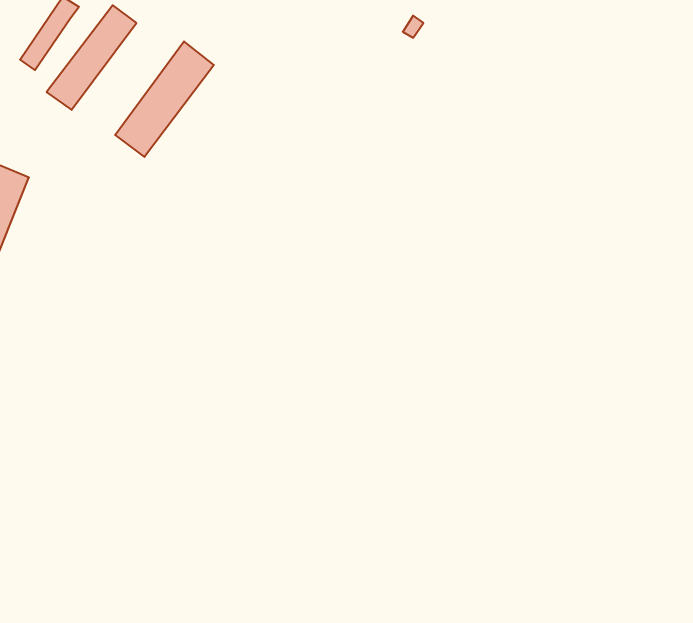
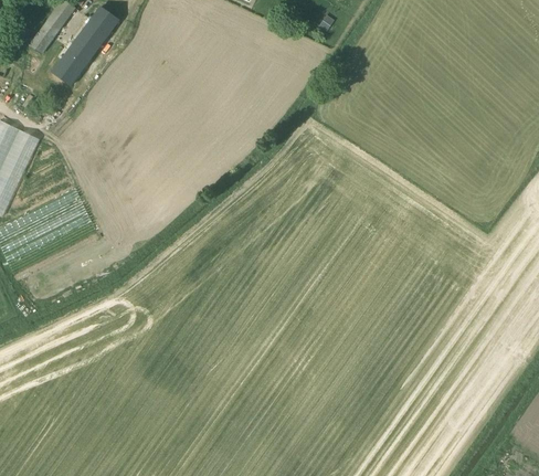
building: [115,41,214,157] -> none

